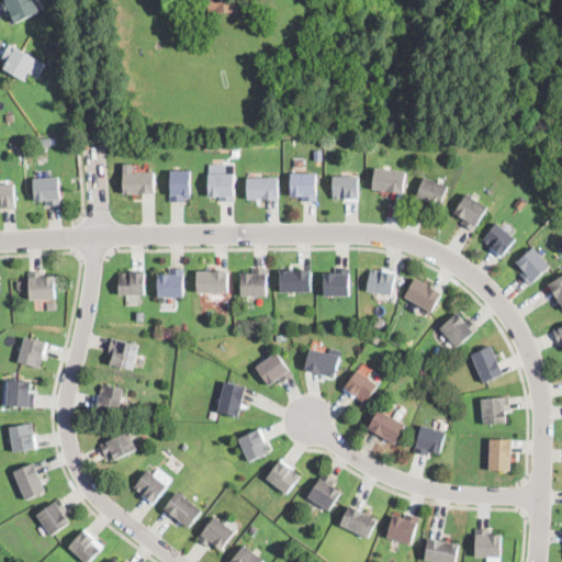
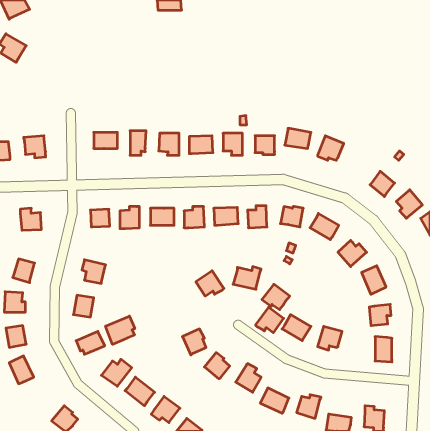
building: [453,193,485,229] -> none
building: [216,382,245,417] -> none
building: none -> [256,307,284,333]
building: none -> [106,316,135,344]
building: [35,498,69,536] -> none

